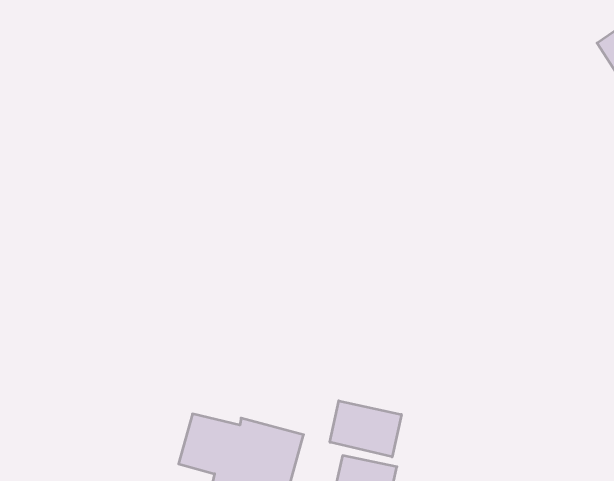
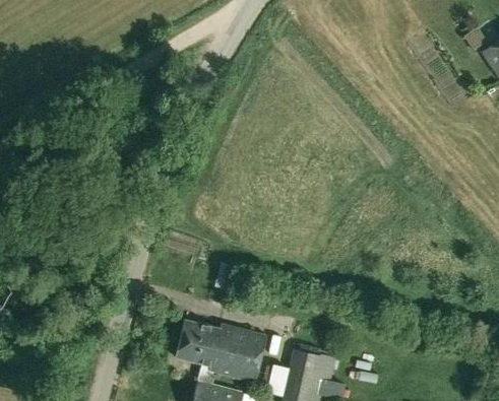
building: [330,401,401,457] -> none

